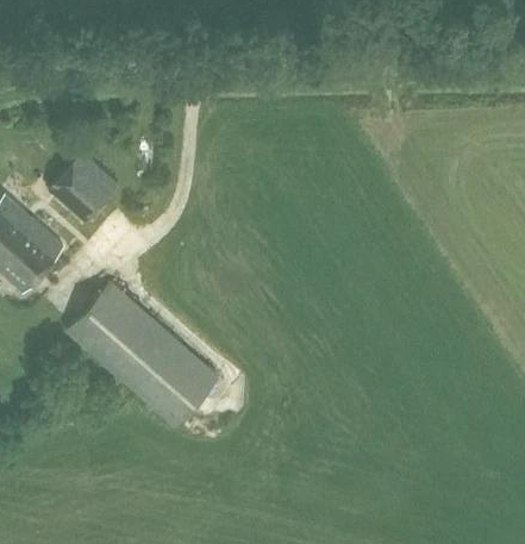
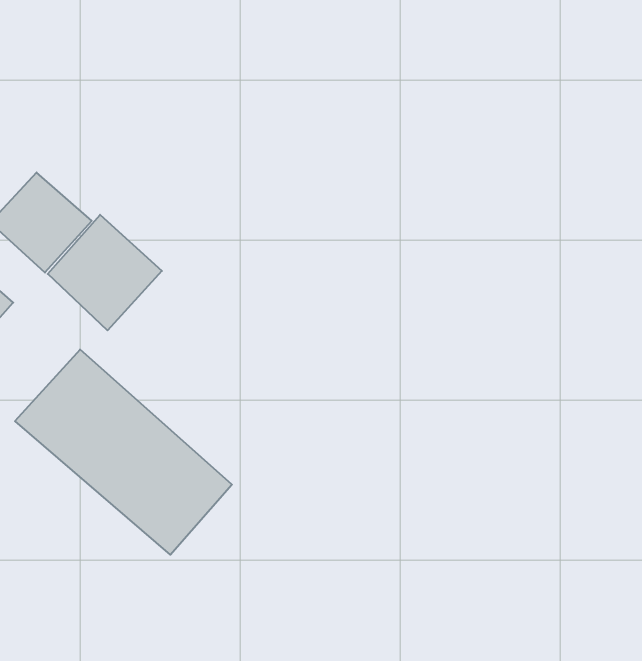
building: none -> [48,215,162,330]

